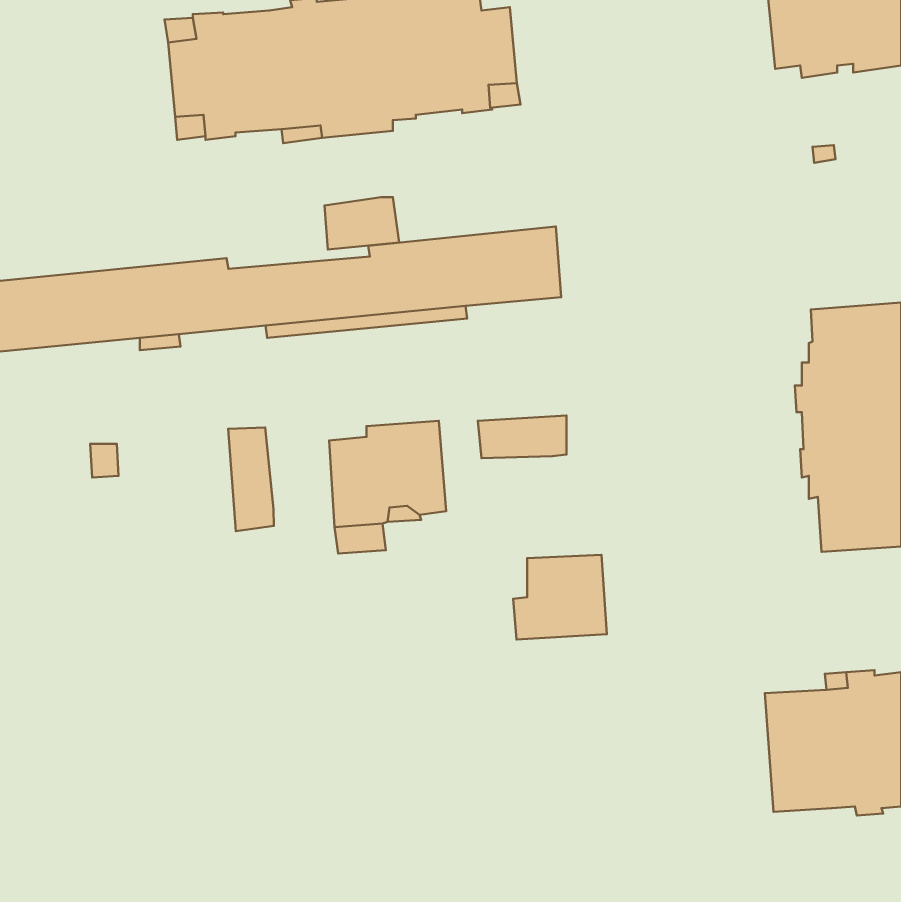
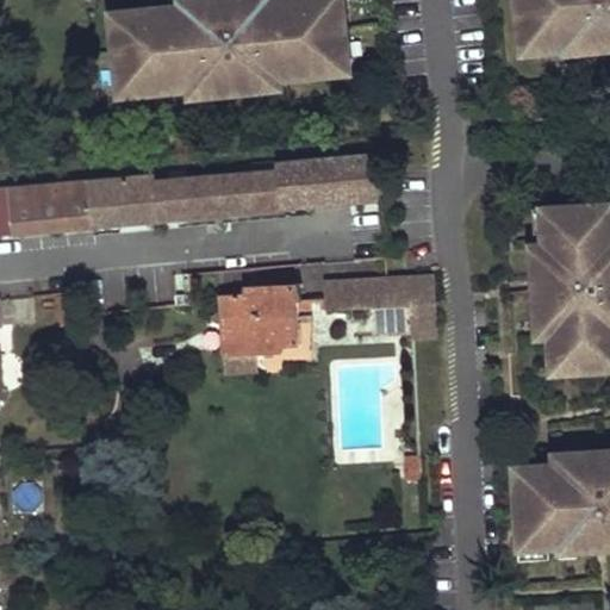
building: [325,197,399,250] -> none
building: [228,428,274,531] -> none
building: [513,555,607,640] -> [372,278,435,335]

